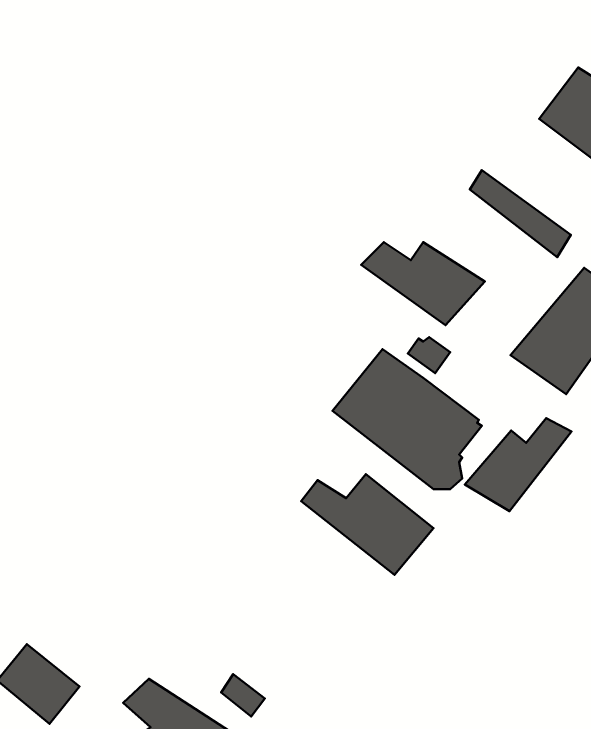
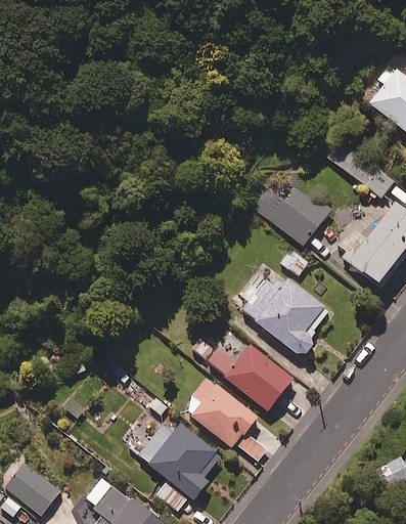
building: [465,418,572,511] -> none
building: none -> [189,379,262,449]
building: none -> [136,421,218,504]

